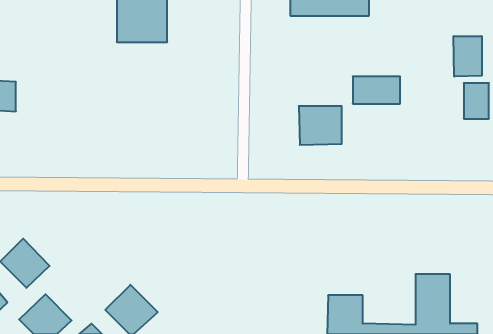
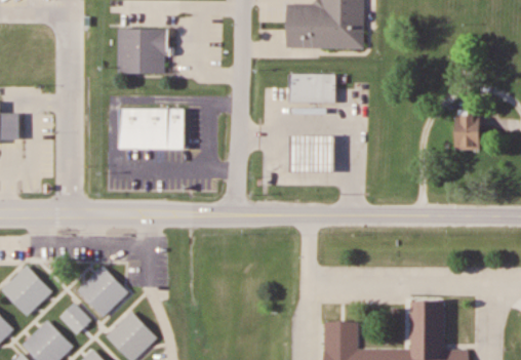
building: [454,36,482,77] -> none
building: [353,76,400,104] -> [289,74,335,101]
building: none -> [119,109,185,149]
building: none -> [77,265,127,316]
building: none -> [57,301,90,333]

